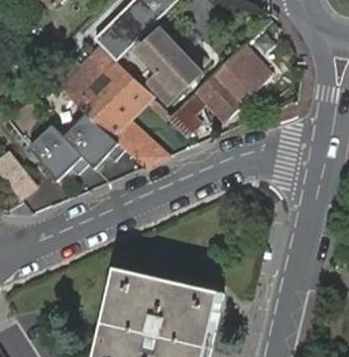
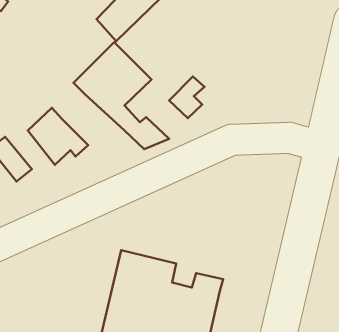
building: [137,30,200,105] -> none
building: [199,45,270,117] -> none
building: [53,49,113,103] -> none
building: [63,114,123,170] -> none

